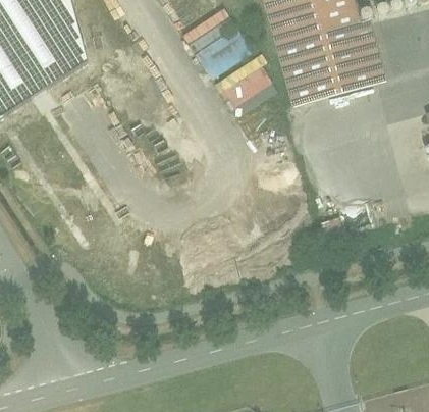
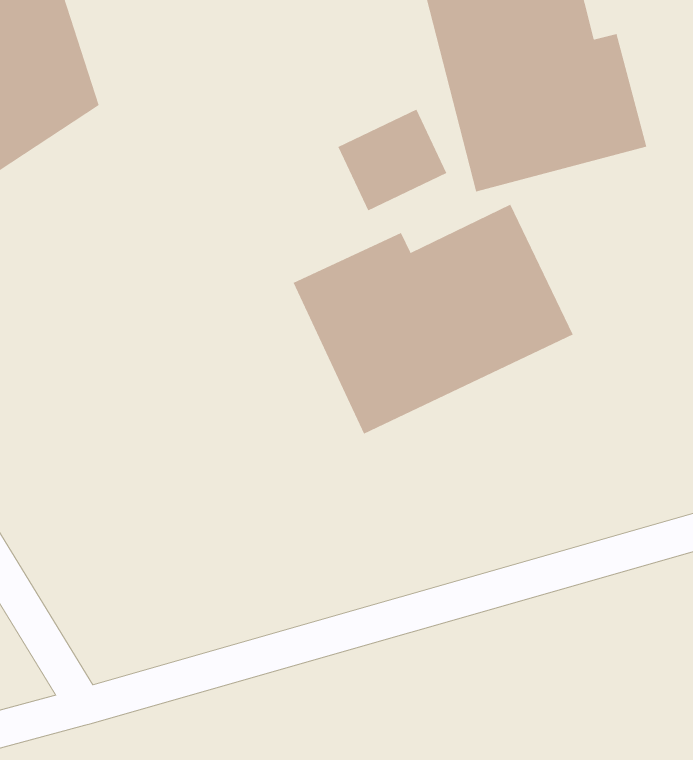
building: none -> [293,204,573,435]

